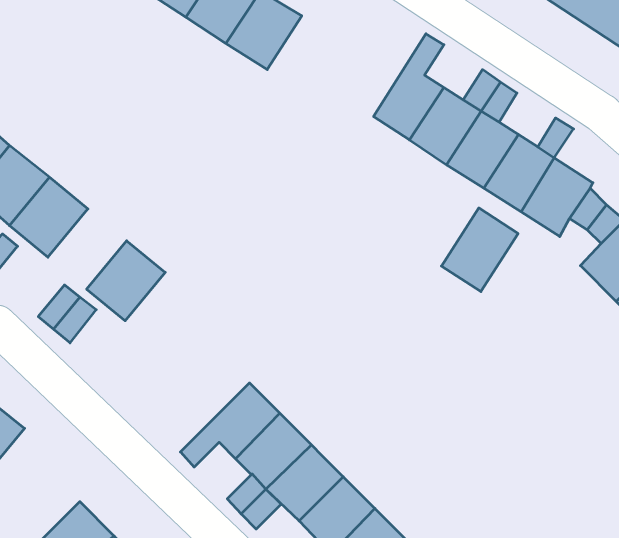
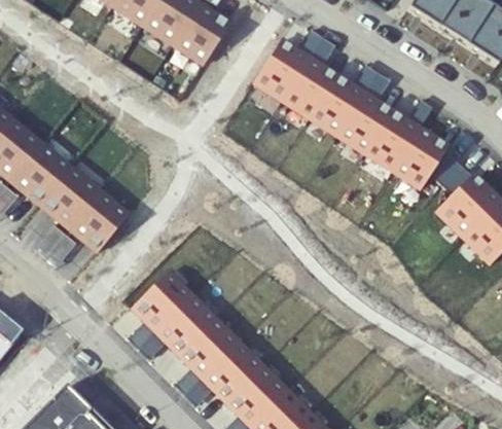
building: none -> [255,28,323,98]
building: [441,208,518,292] -> none
building: none -> [41,167,100,226]
building: none -> [129,273,191,348]

